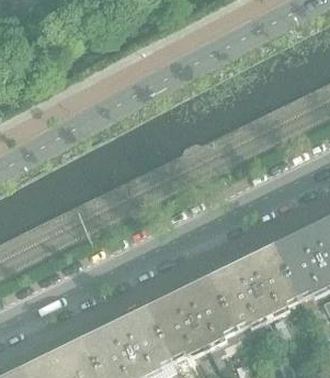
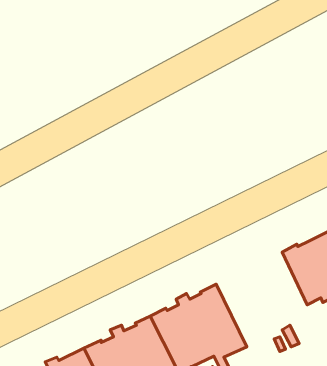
building: [210,245,298,342] -> none

